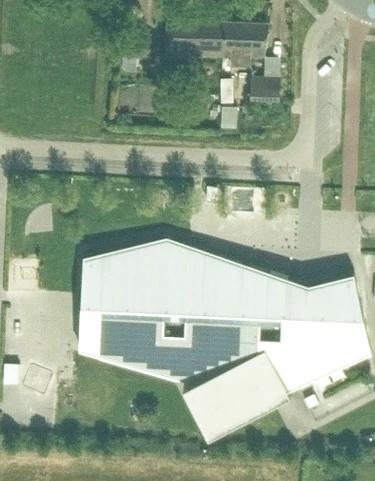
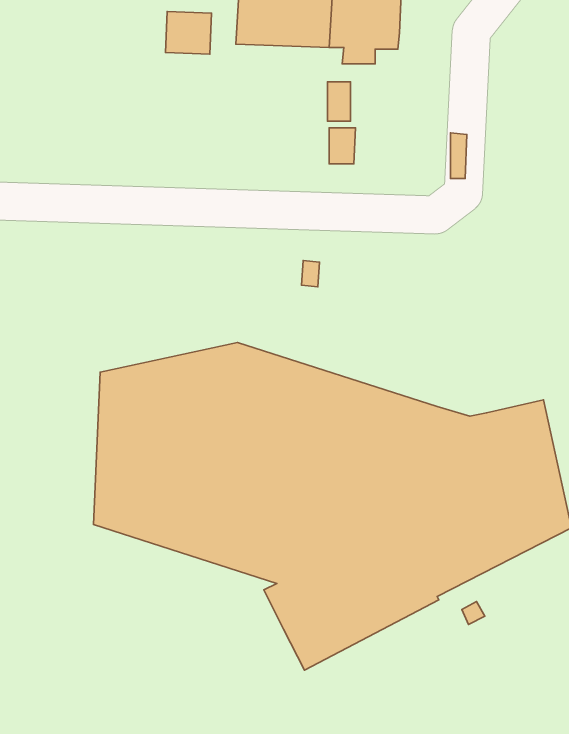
building: [249,77,280,100] -> none

